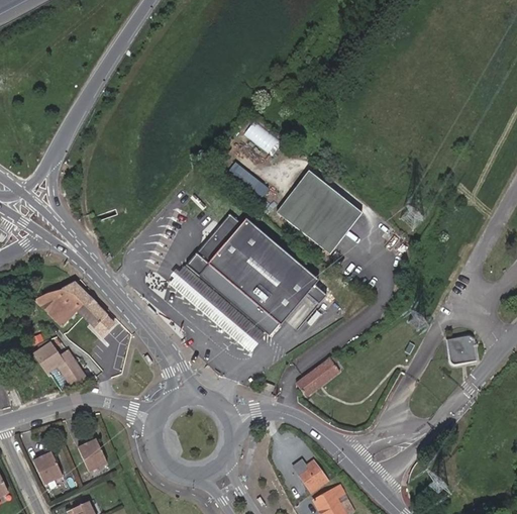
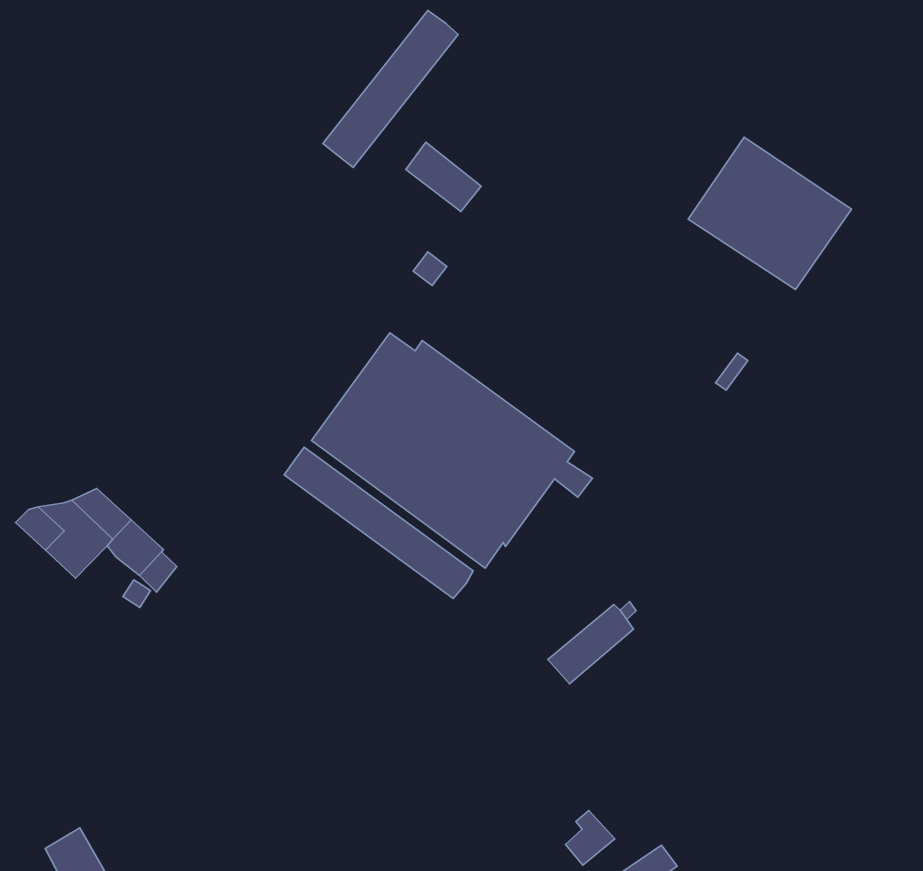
building: none -> [323,11,458,167]
building: [279,174,361,252] -> [688,137,852,290]
building: [449,337,475,363] -> none
building: [36,341,87,387] -> none
building: [80,438,109,470] -> none

